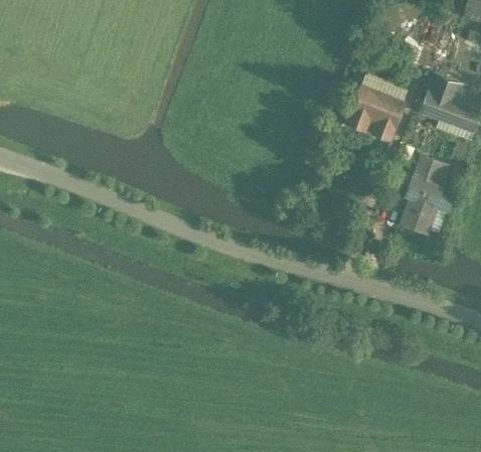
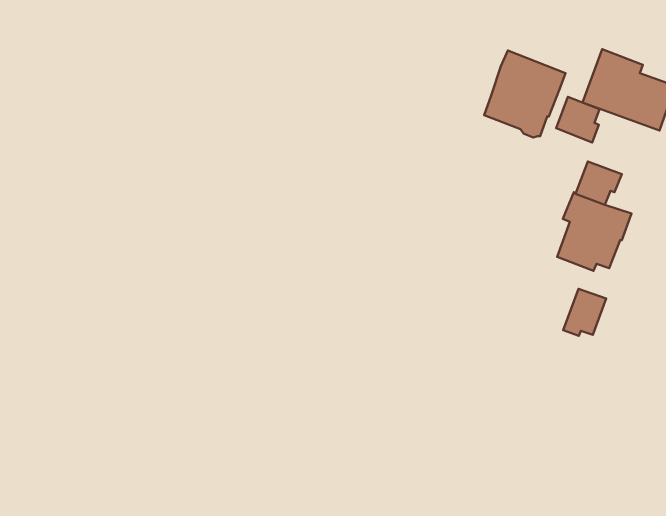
building: none -> [556,97,600,142]
building: none -> [563,289,606,336]

